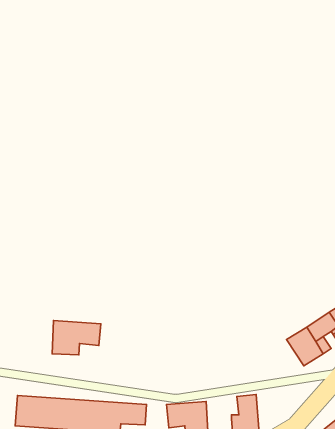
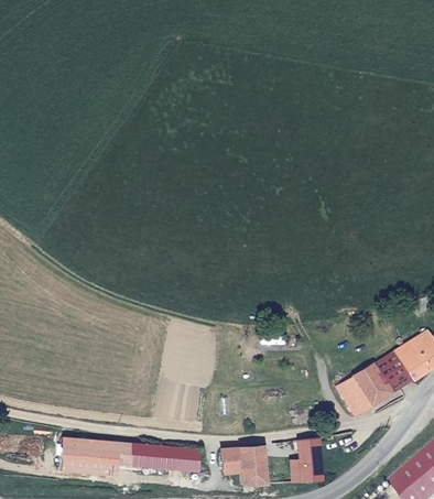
building: [52,320,101,355] -> none
building: none -> [335,377,370,416]

